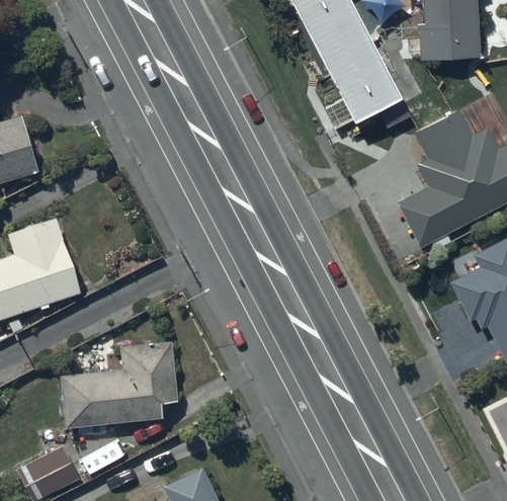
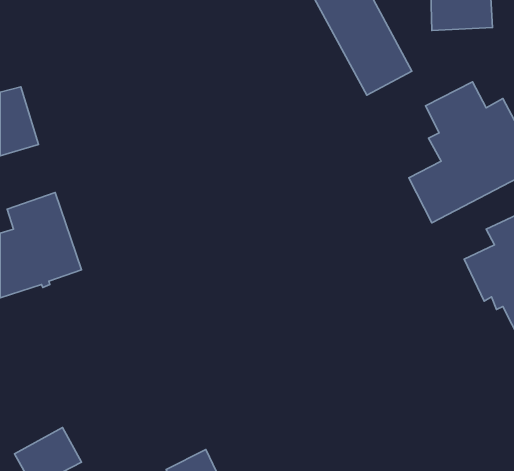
building: [61,341,179,428] -> none

